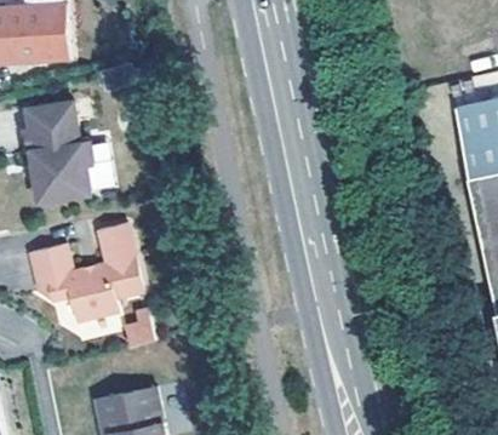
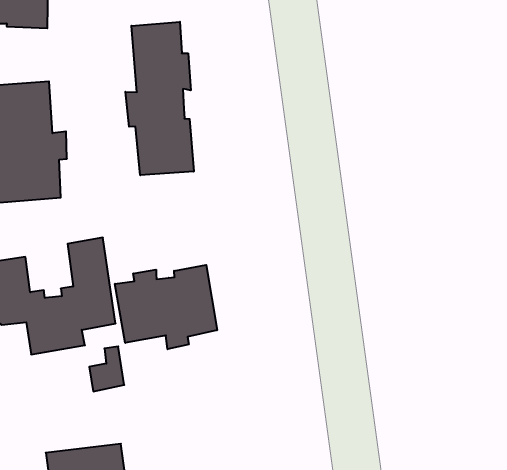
building: none -> [125,22,194,175]
building: none -> [115,265,217,349]

